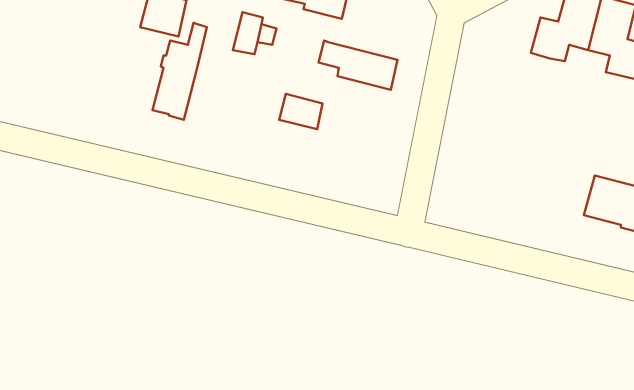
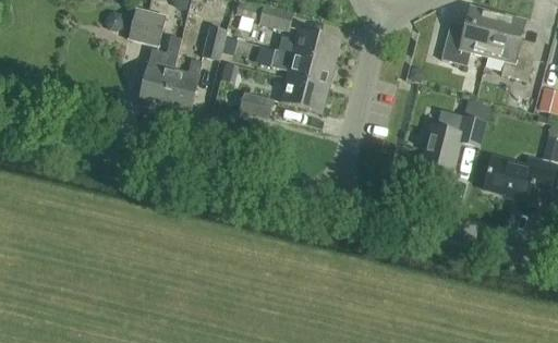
building: none -> [278,27,340,63]
building: none -> [162,58,202,117]
building: none -> [279,76,328,112]
building: none -> [420,98,489,173]

